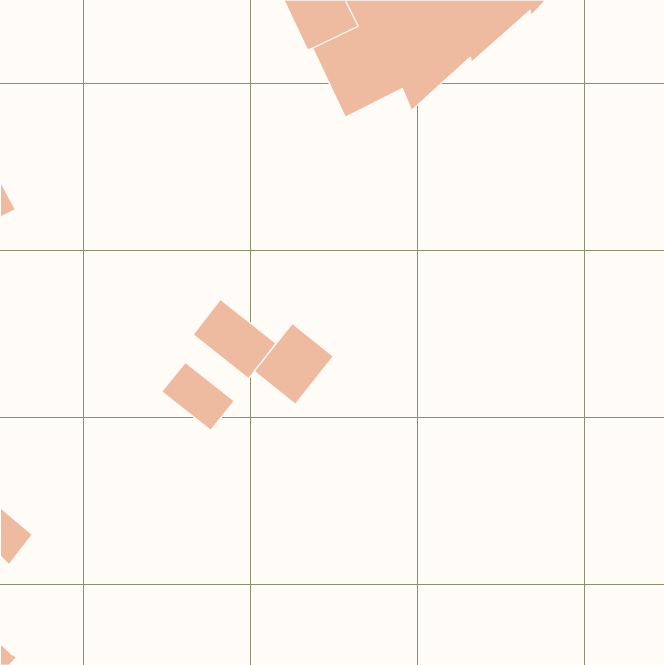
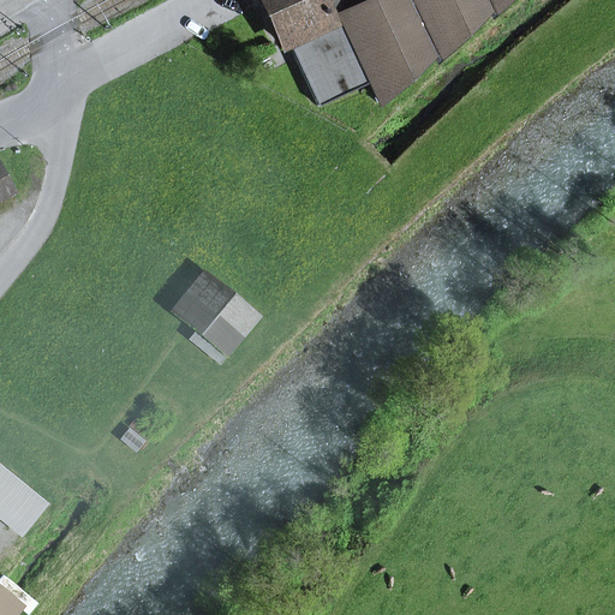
building: [254,323,334,405] -> none
building: [161,362,234,431] -> none

